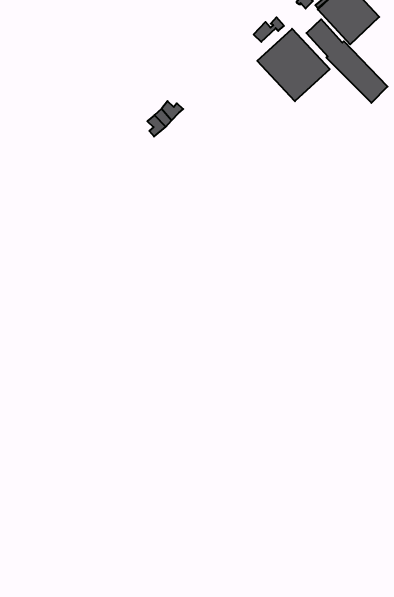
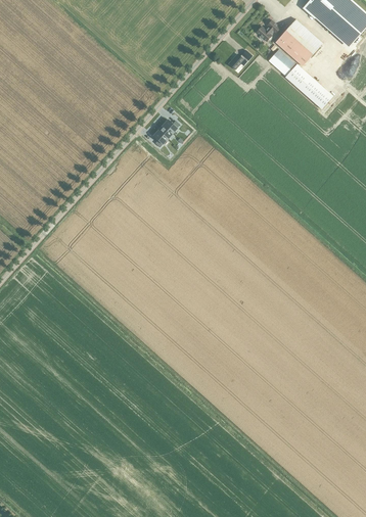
building: [257,29,330,101] -> none

